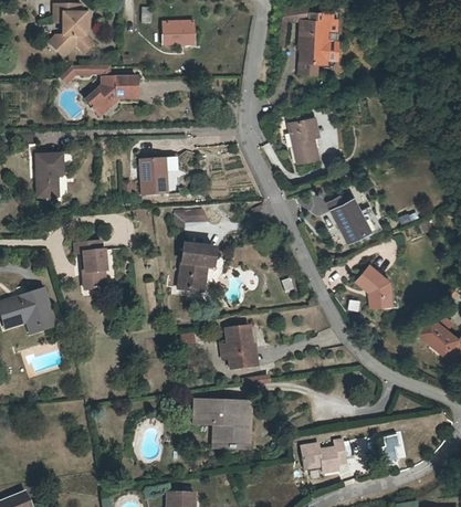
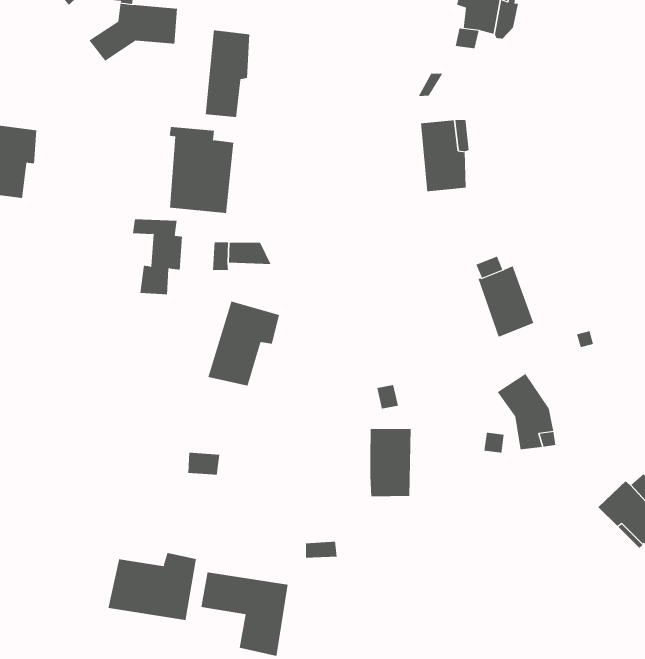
building: none -> [205,30,250,118]
building: [76,242,107,287] -> [132,219,183,295]
building: [226,324,254,367] -> [369,428,411,497]
building: none -> [108,552,196,621]

